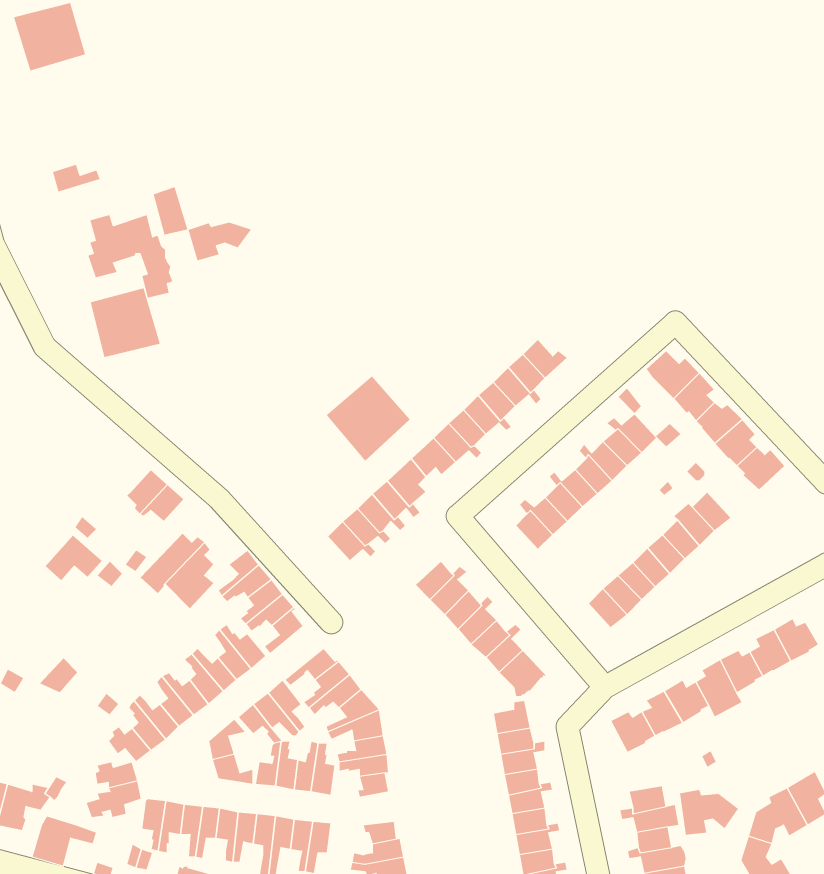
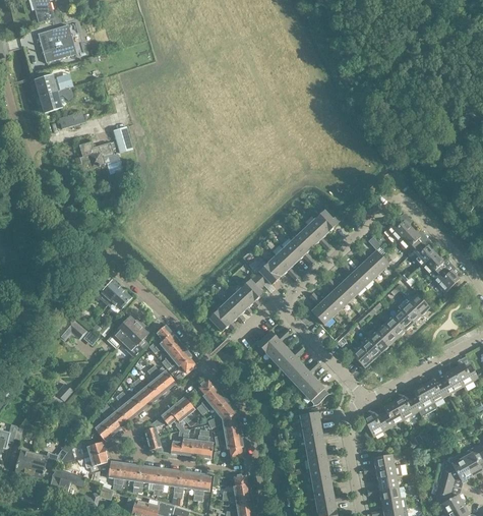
building: none -> [35,74,73,112]
building: [188,222,252,261] -> none
building: [90,288,161,358] -> none
building: [326,376,410,462] -> none
building: [679,789,739,835] -> none

